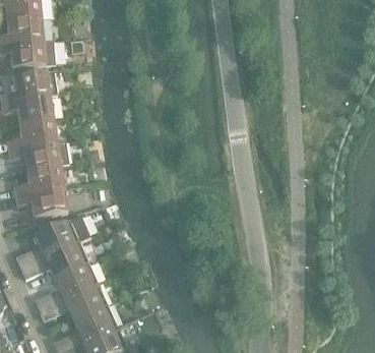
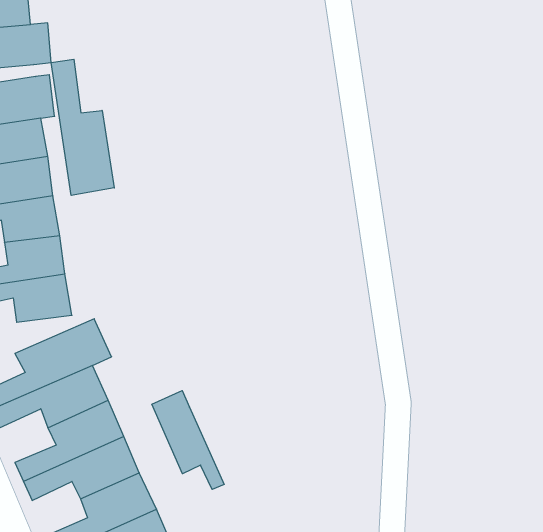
building: none -> [51,59,114,195]
building: none -> [152,391,224,489]

